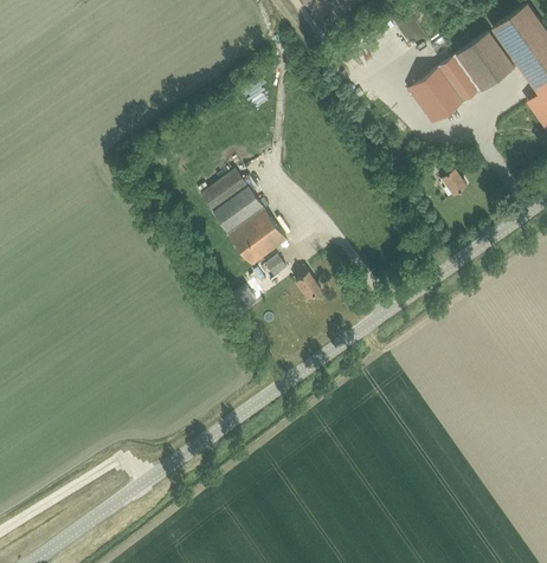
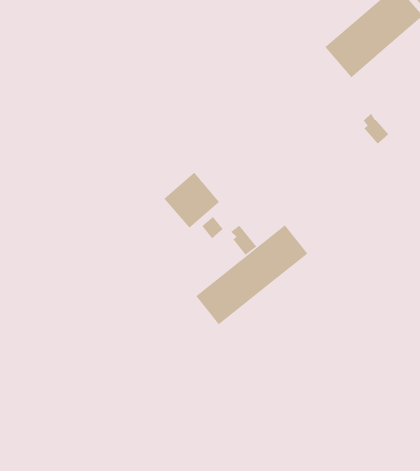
building: [200,169,263,232] -> none
building: none -> [196,224,308,325]

